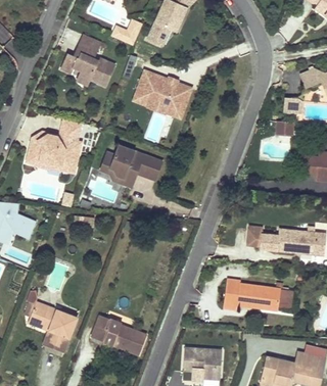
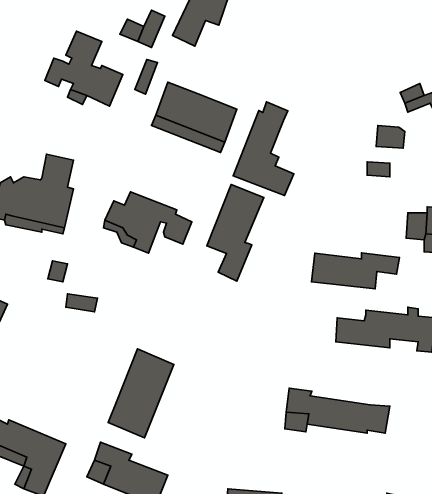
building: none -> [233,102,294,196]
building: none -> [207,184,264,281]
building: none -> [312,253,399,289]
building: none -> [108,349,174,438]

